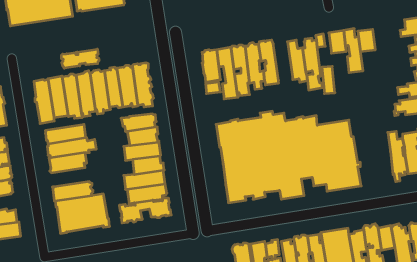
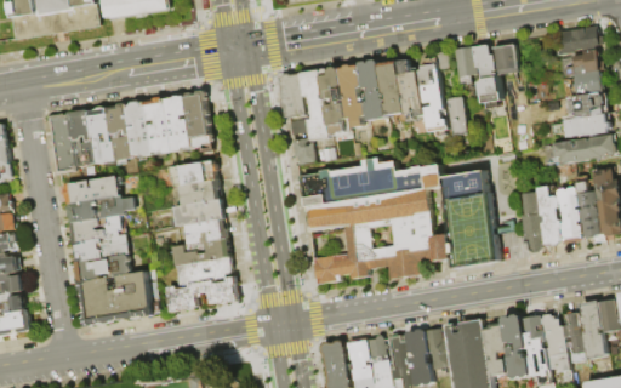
building: none -> [378,62,405,115]
building: [61,49,99,68] -> none
building: none -> [520,192,543,253]
building: none -> [73,235,129,262]

